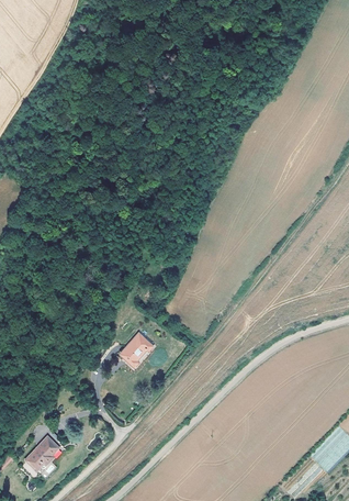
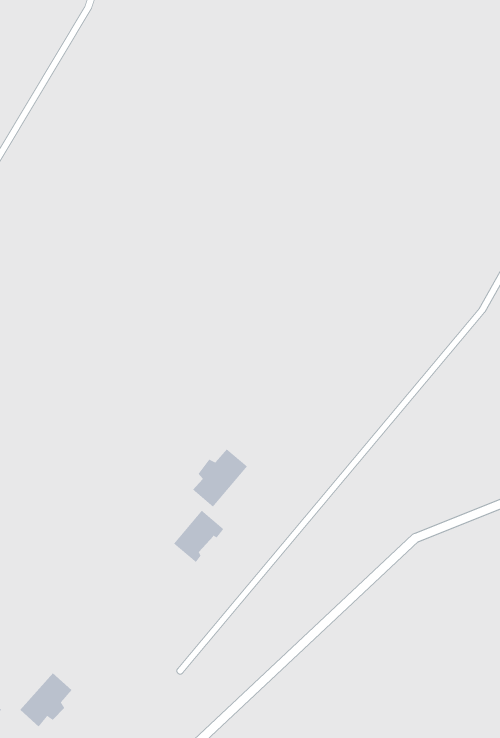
building: none -> [192,449,248,507]

